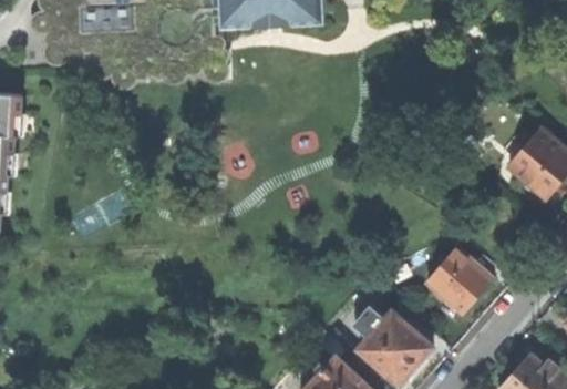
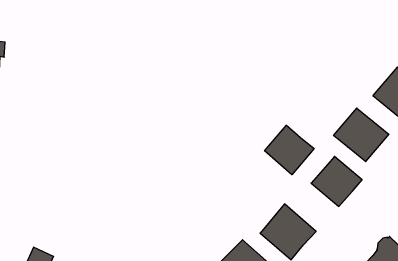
building: none -> [334,108,389,162]
building: none -> [265,125,314,175]

